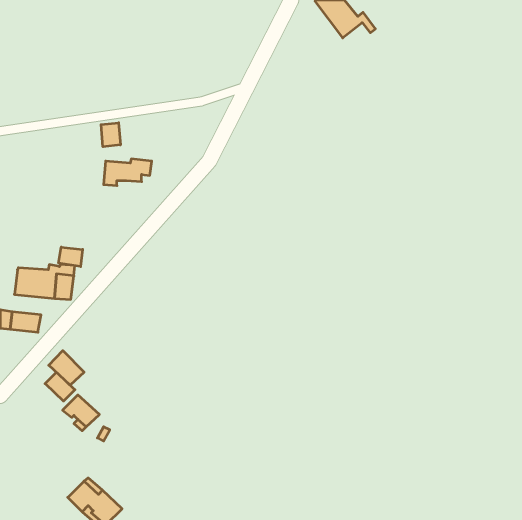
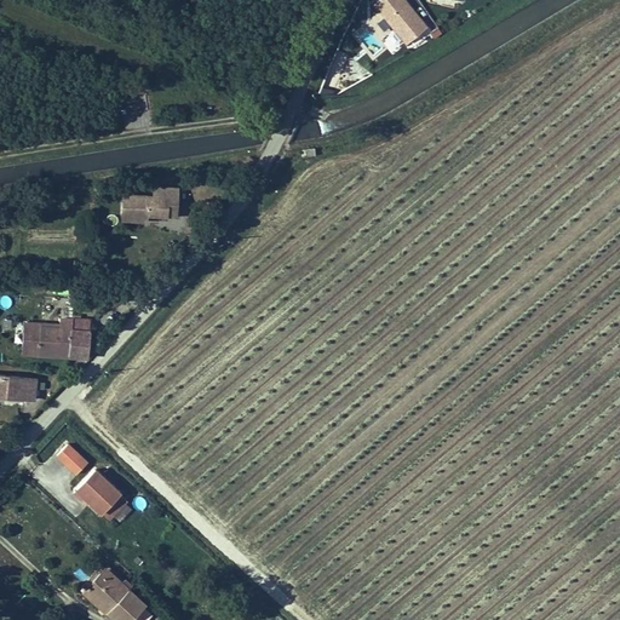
building: [101,123,120,147] -> none
building: [59,247,83,267] -> none
building: [49,351,84,385] -> none

